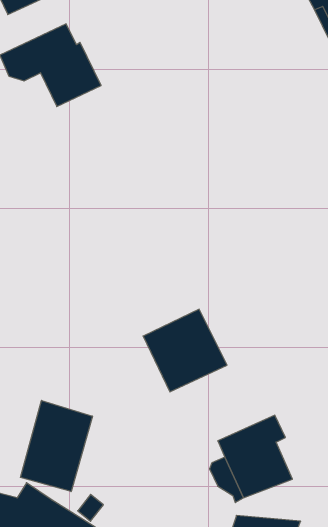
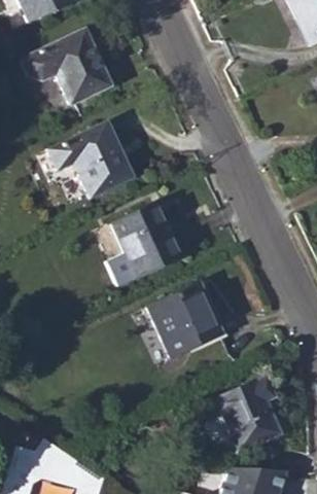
building: none -> [47,122,133,199]
building: none -> [108,203,180,286]
building: [20,400,92,492] -> none

